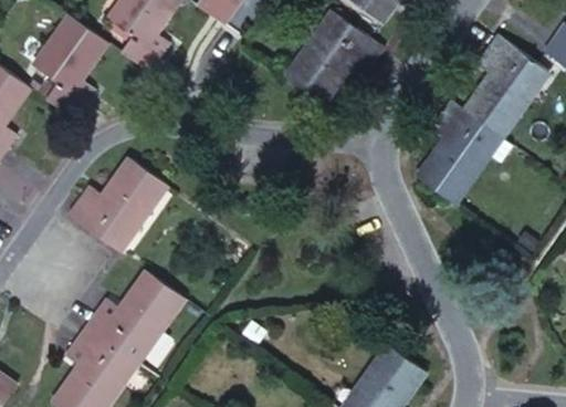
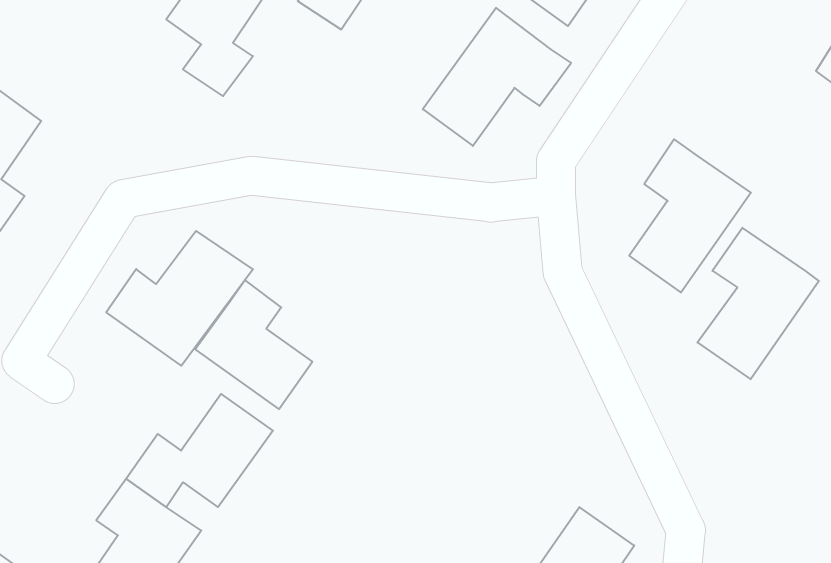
building: [35,18,108,121] -> none
building: [464,35,545,136] -> [697,228,819,379]
building: none -> [195,280,312,409]

